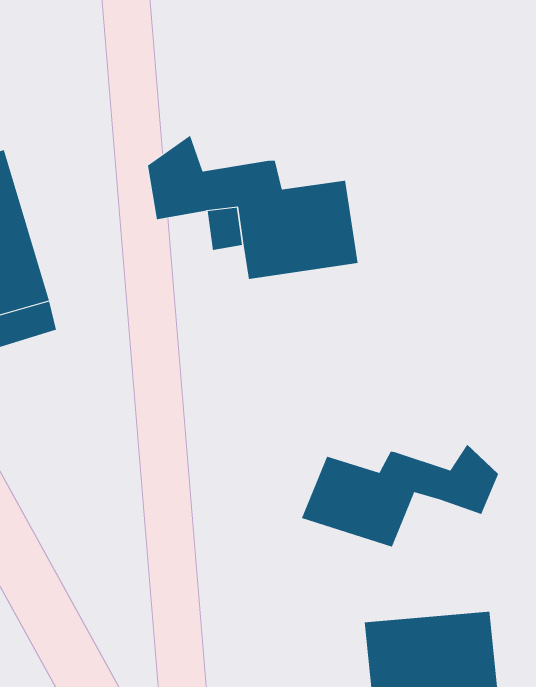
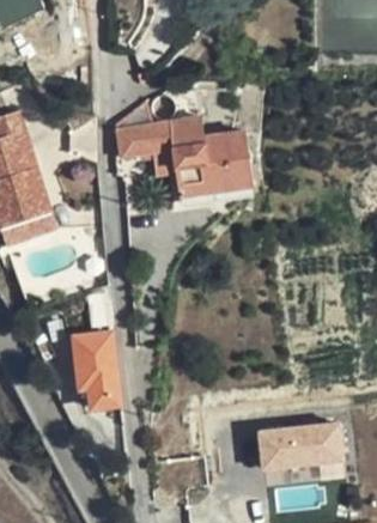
building: [301,444,499,547] -> none
building: none -> [73,332,118,408]

